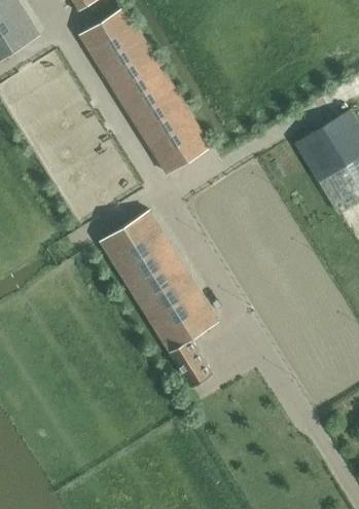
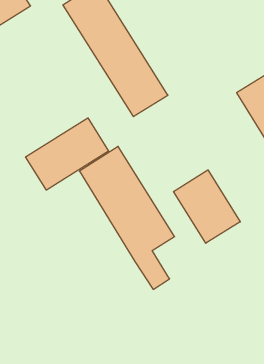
building: none -> [26,118,109,190]
building: none -> [174,170,240,243]

